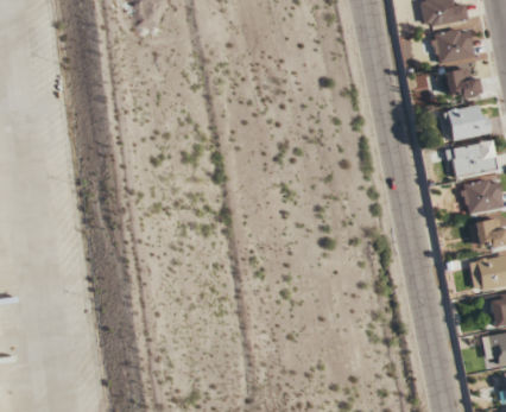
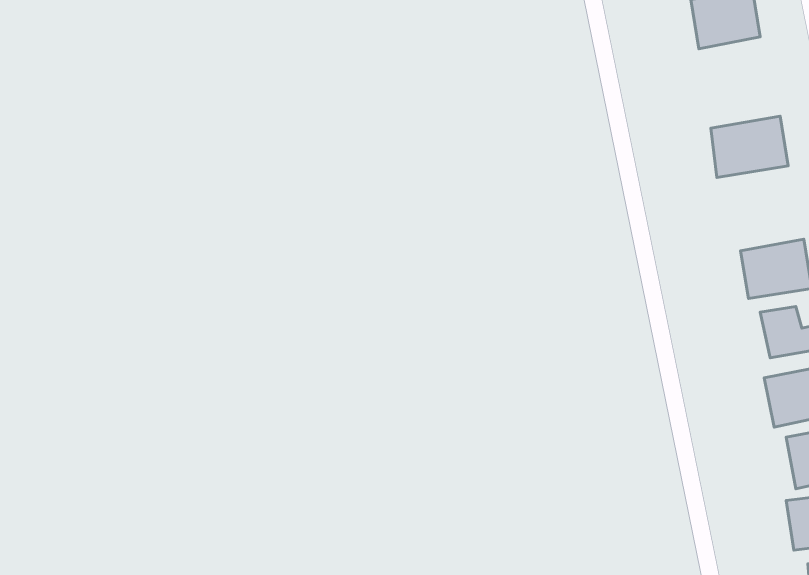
building: [444,64,481,100] -> none
building: [448,141,496,176] -> none

